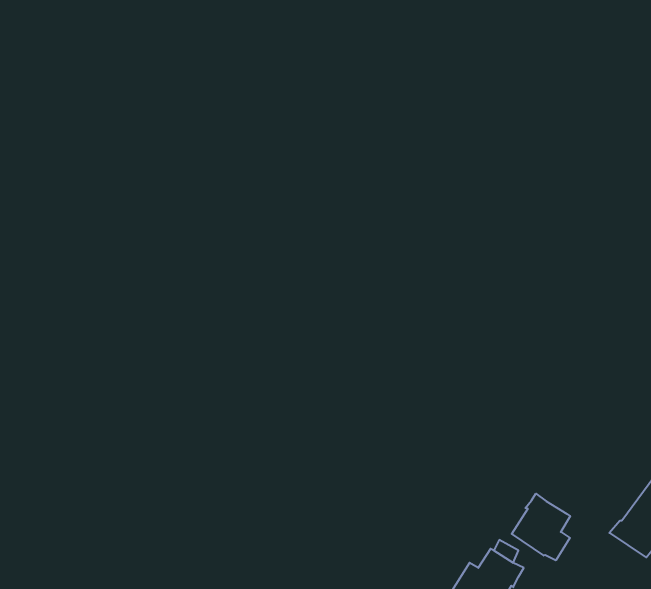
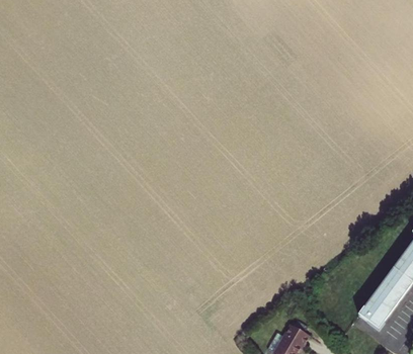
building: [512,494,570,560] -> none

